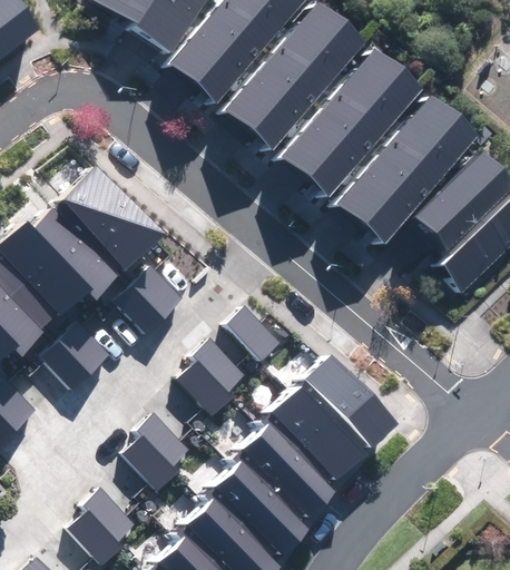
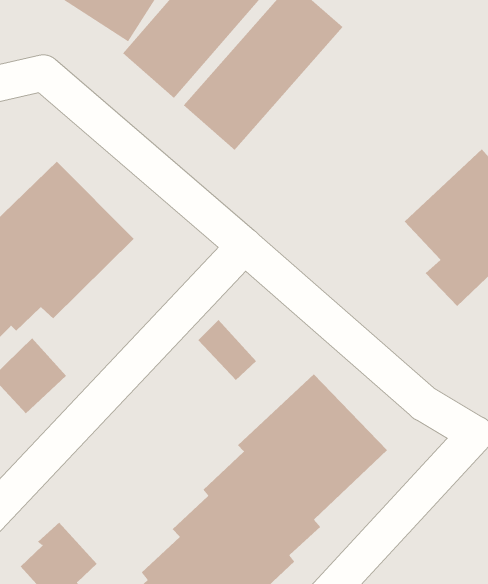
building: [273,46,416,198] -> none
building: [330,94,474,245] -> none
building: [116,267,183,333] -> none
building: [178,336,249,415] -> none
building: [122,411,193,491] -> none

